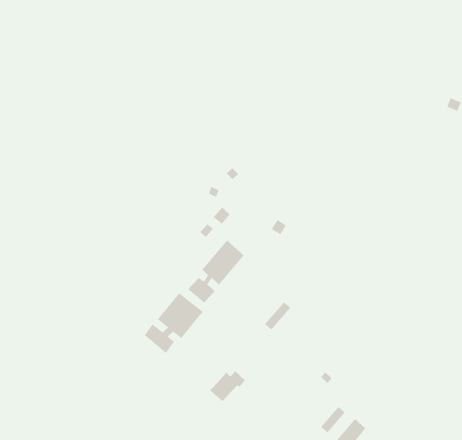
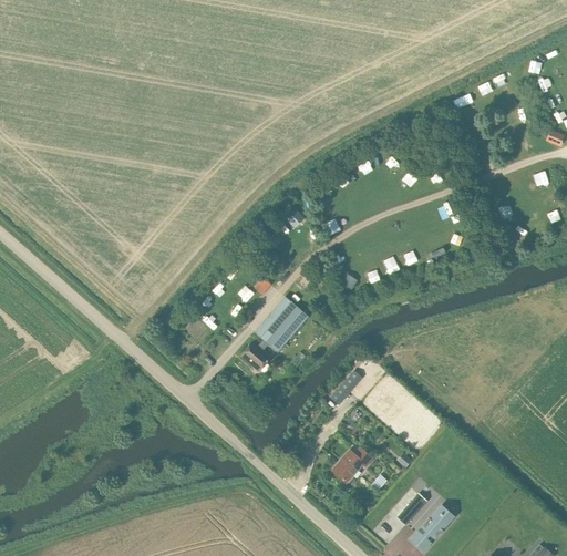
building: [144,293,203,354] -> none
building: [210,370,246,402] -> [331,446,374,484]

